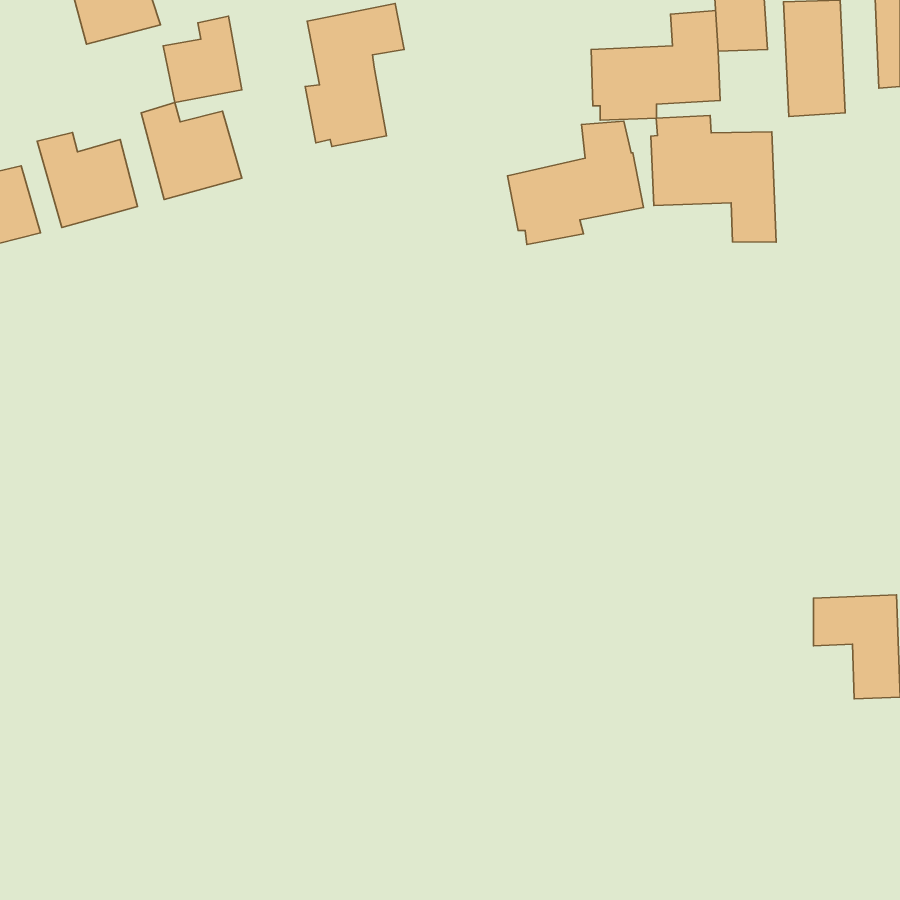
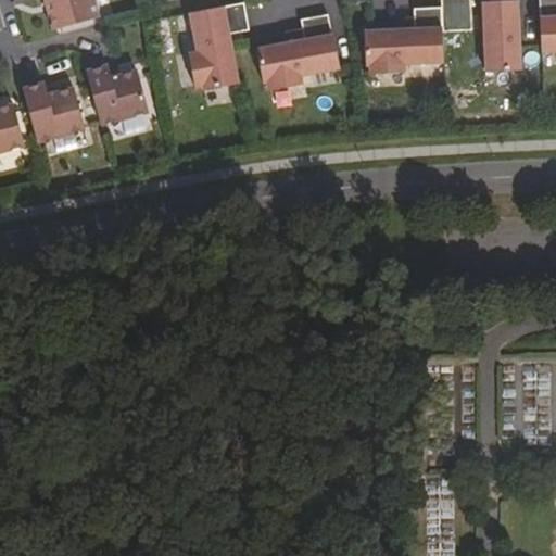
building: [163,16,242,102] -> none
building: [651,116,776,242] -> none
building: [507,121,643,245] -> [255,12,339,88]

